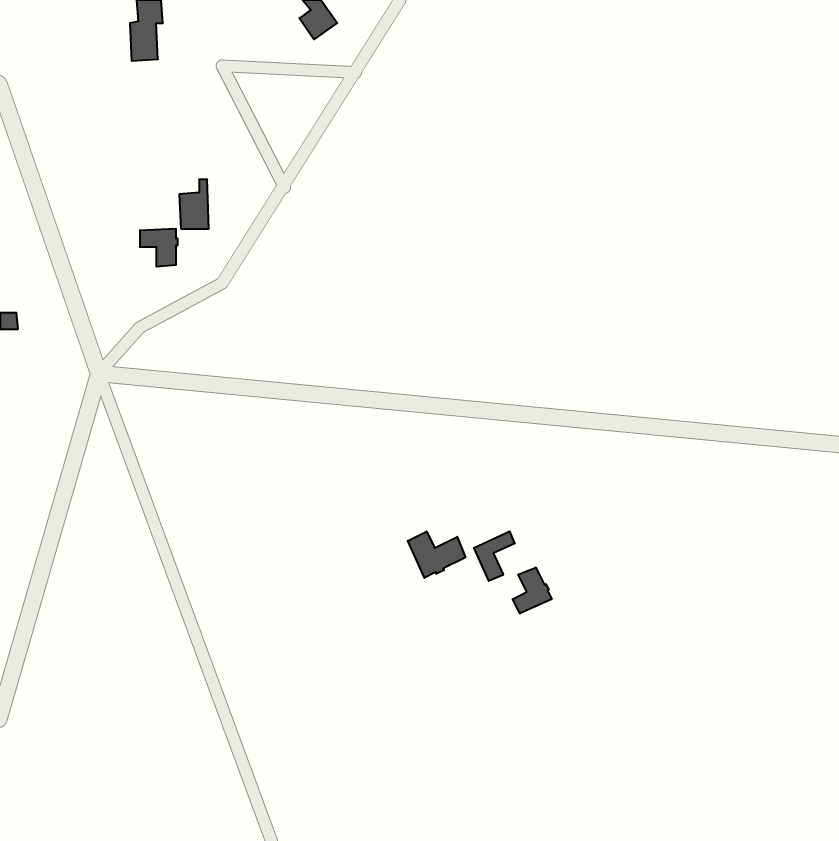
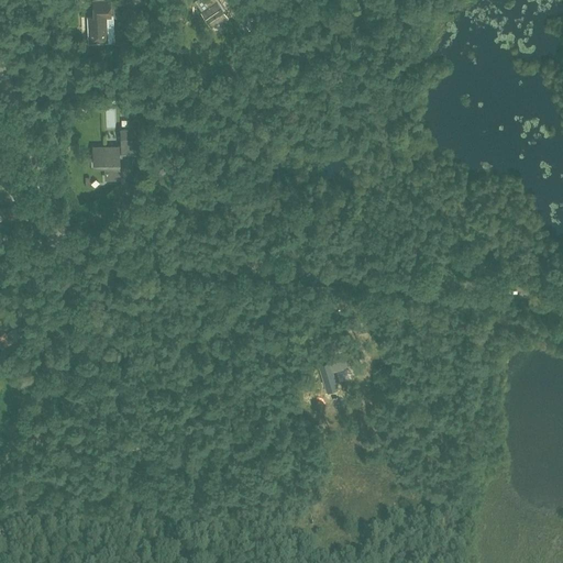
building: [408,531,465,578] -> none
building: [513,567,552,614] -> none

